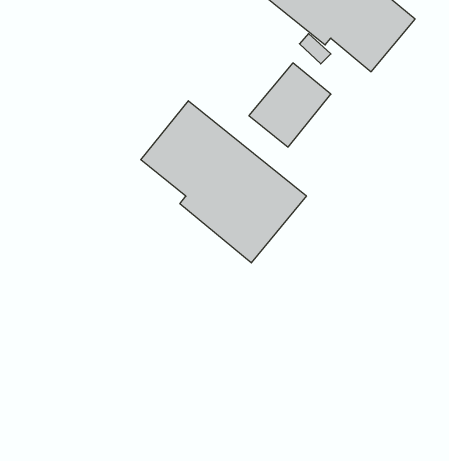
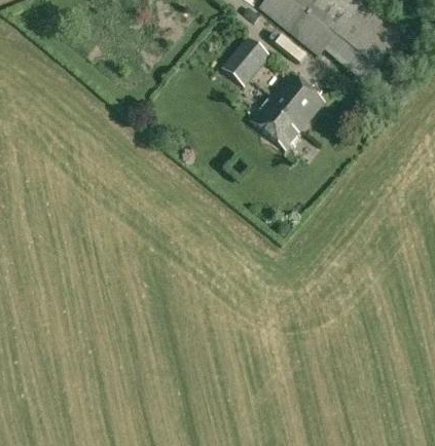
building: none -> [222,36,268,84]
building: [141,101,306,263] -> none

